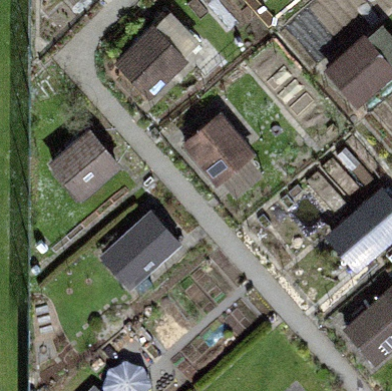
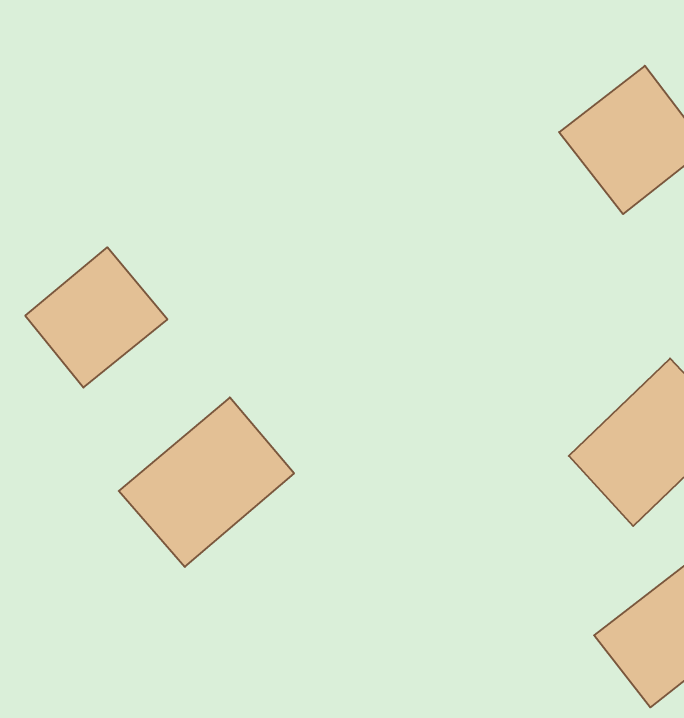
building: [112,13,203,97] -> none
building: [179,111,261,192] -> none

